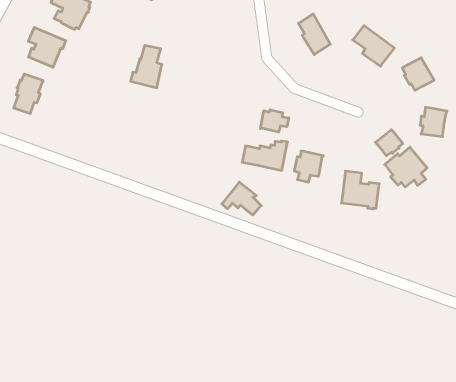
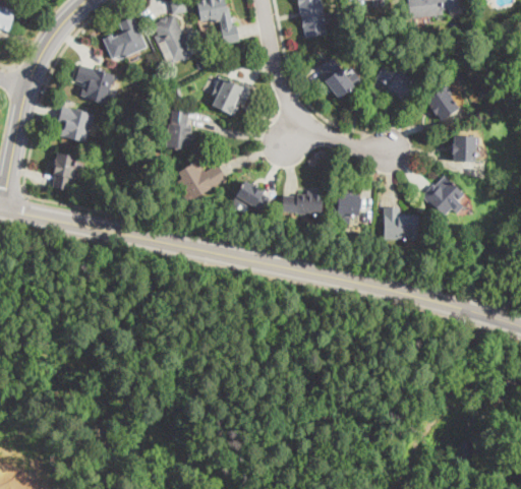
building: none -> [212,76,250,116]
building: none -> [177,161,227,205]
building: [260,110,289,132] -> none
building: [375,130,403,156] -> none
building: [222,182,261,215] -> [231,181,270,211]

